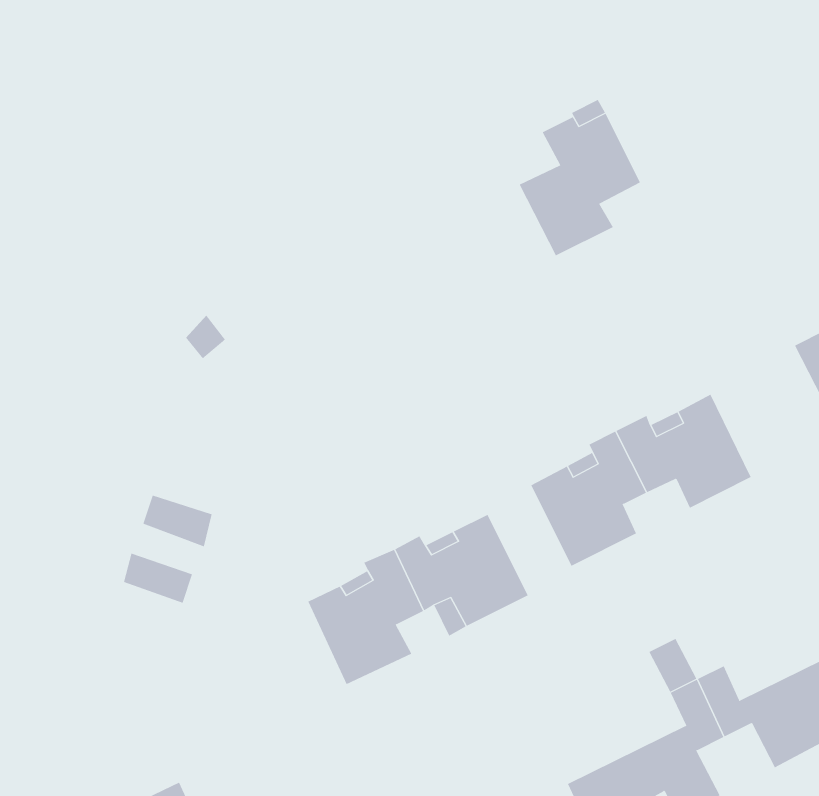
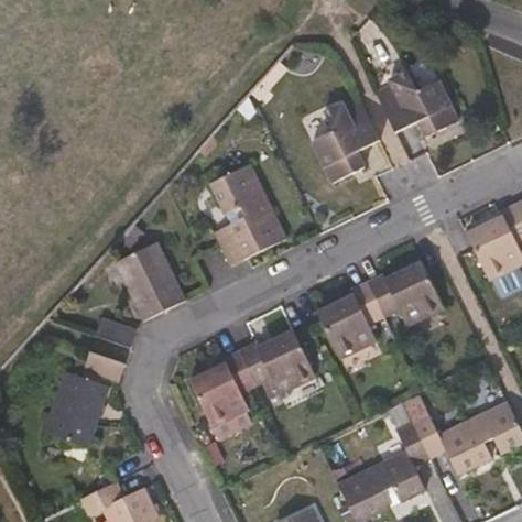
building: none -> [376,73,457,137]
building: none -> [211,164,286,265]
building: none -> [117,243,185,320]
building: none -> [44,371,108,446]

